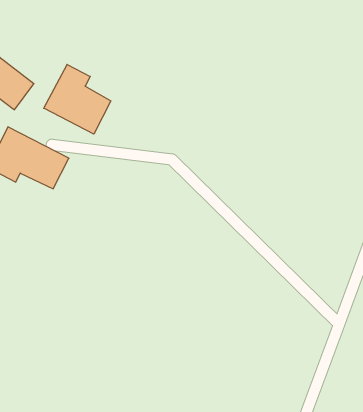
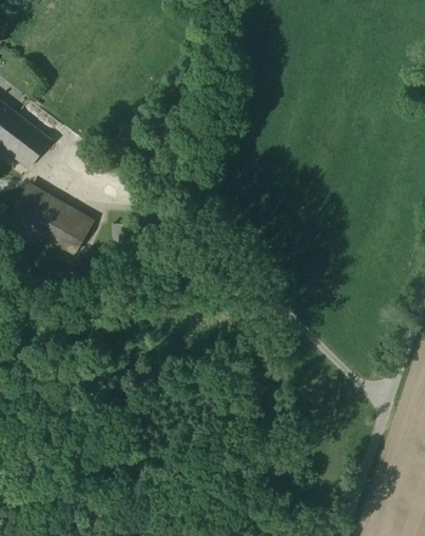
building: [44,64,111,134] -> none

